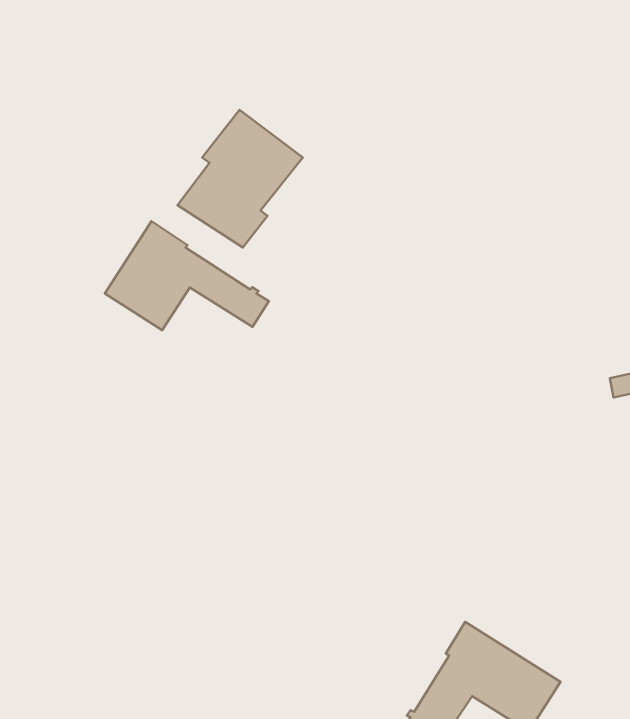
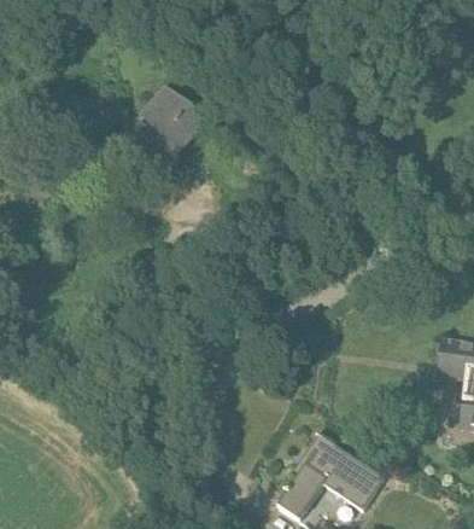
building: [105,221,269,330] -> none

